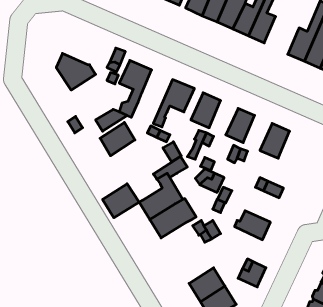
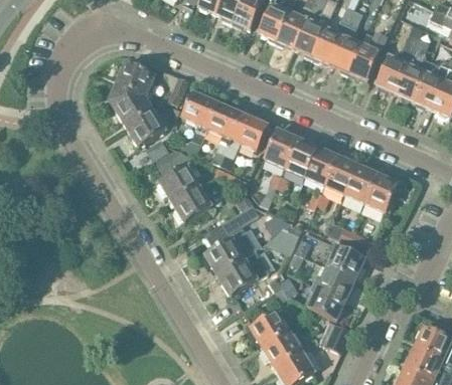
building: none -> [348,30,387,79]
building: none -> [116,62,156,97]
building: none -> [207,103,243,164]
building: none -> [126,108,167,147]
building: none -> [285,138,318,177]
building: none -> [324,155,357,195]
building: none -> [364,173,399,213]
building: [103,184,139,218] -> [171,183,213,222]
building: none -> [326,243,364,277]
building: none -> [307,282,346,320]
building: none -> [250,311,290,348]

